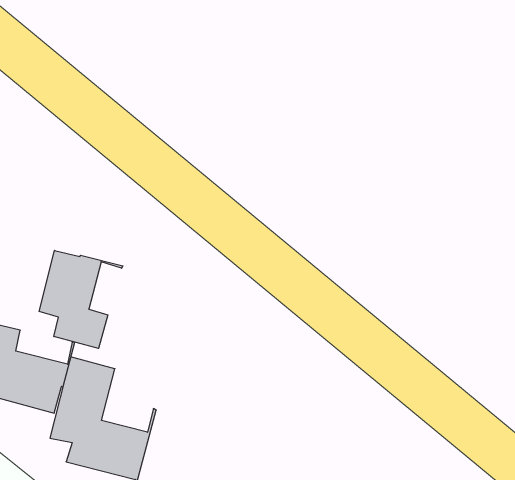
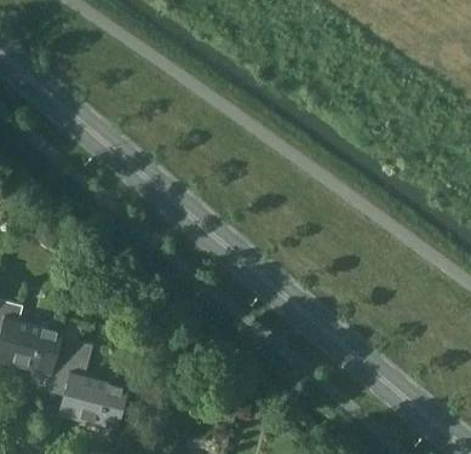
building: [39,250,123,348] -> none

